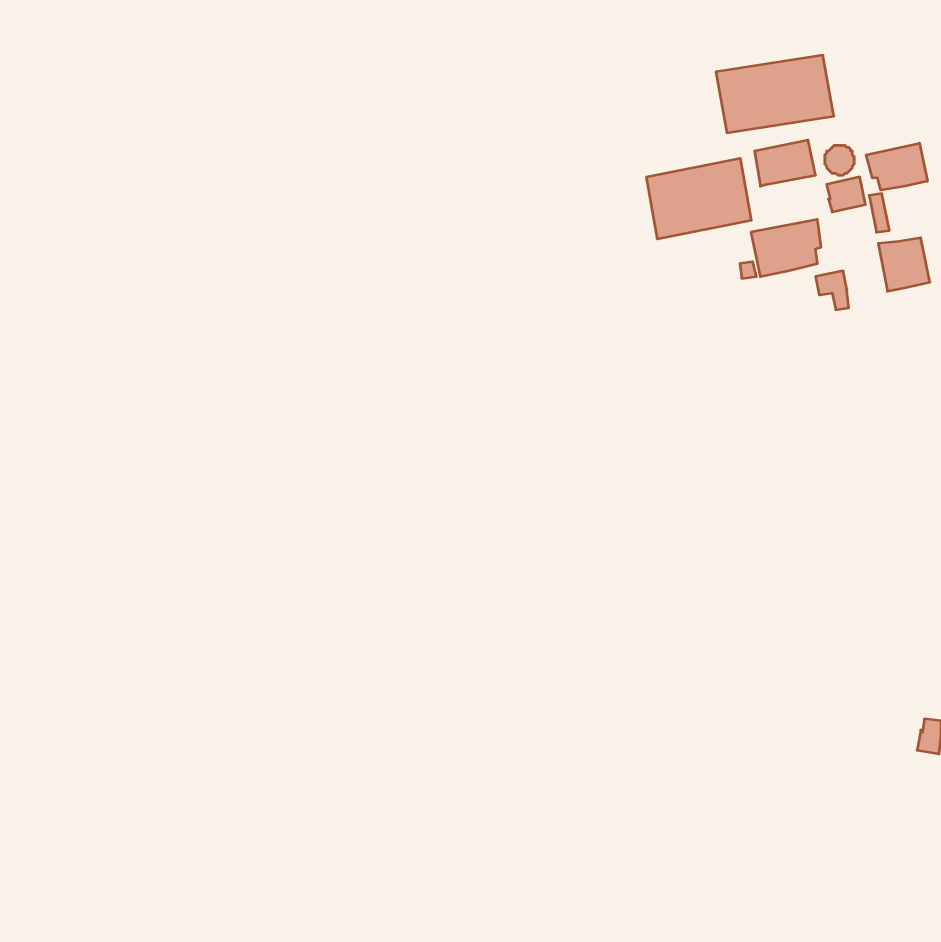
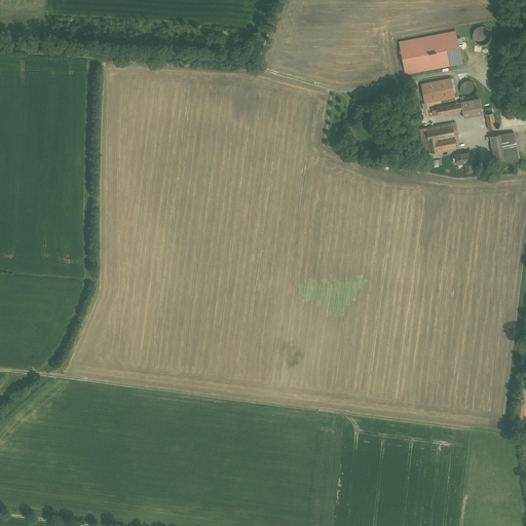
building: [866,143,927,190] -> none
building: [647,158,751,239] -> none

